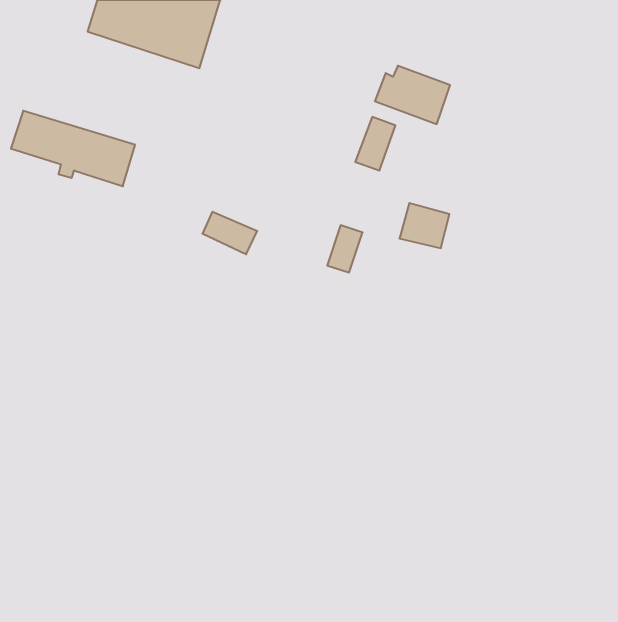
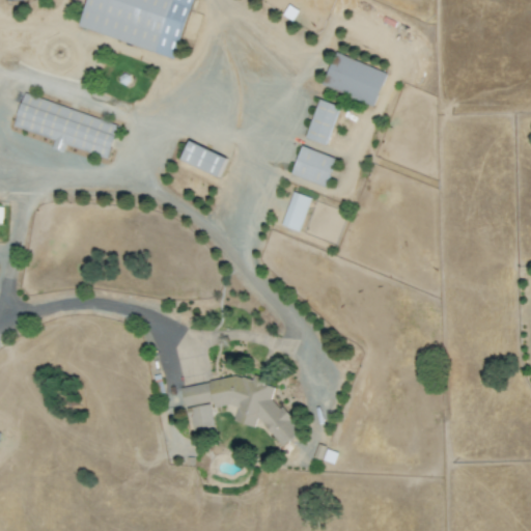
building: [399,203,449,248] -> [291,147,334,186]
building: [202,212,257,254] -> [178,141,225,177]
building: none -> [181,375,299,447]

